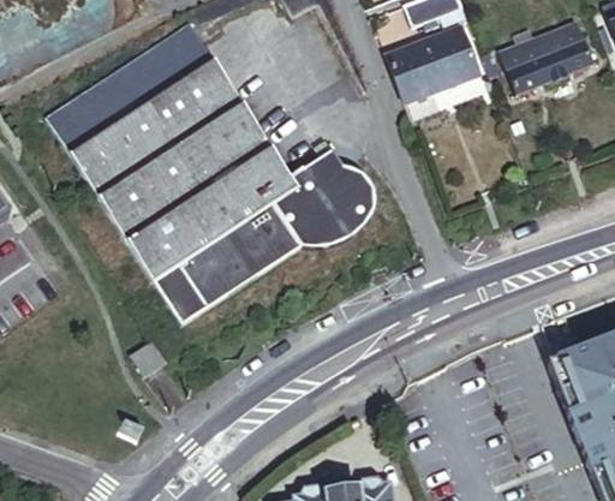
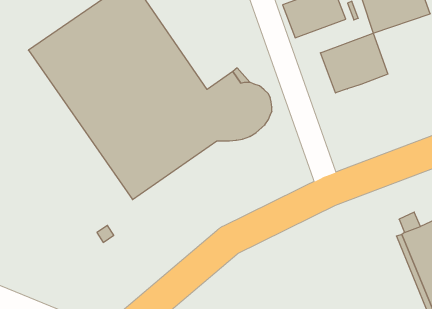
building: none -> [320,33,388,93]

